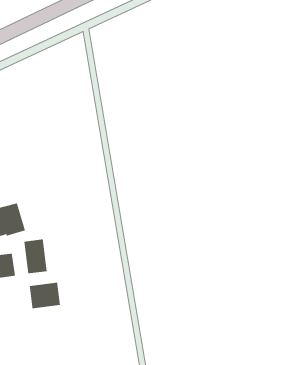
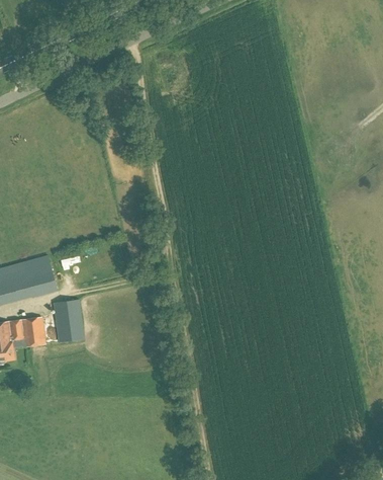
building: [29,282,61,309] -> none

